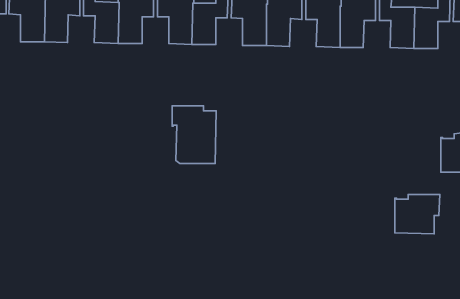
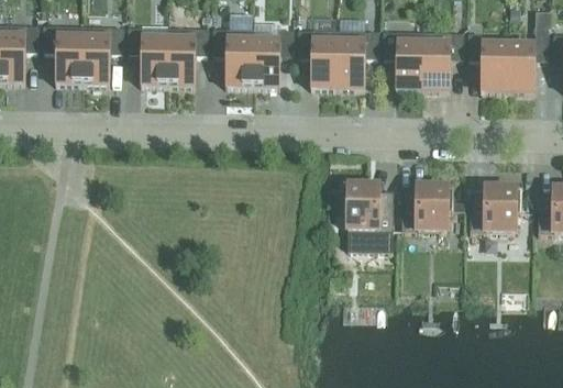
building: [172,106,216,164] -> [342,184,393,250]
building: none -> [401,185,453,230]
building: [395,194,440,234] -> [470,186,521,231]

